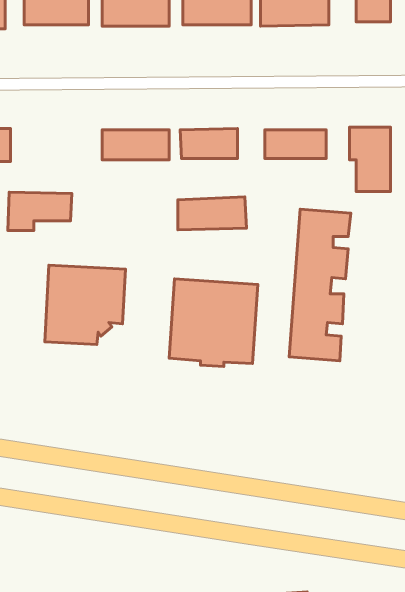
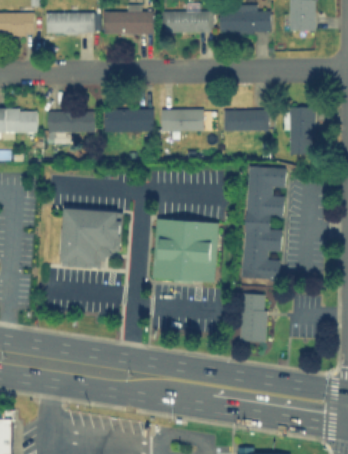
building: [8,192,72,230] -> [48,112,95,140]
building: [178,197,247,230] -> none
building: none -> [240,294,266,342]

